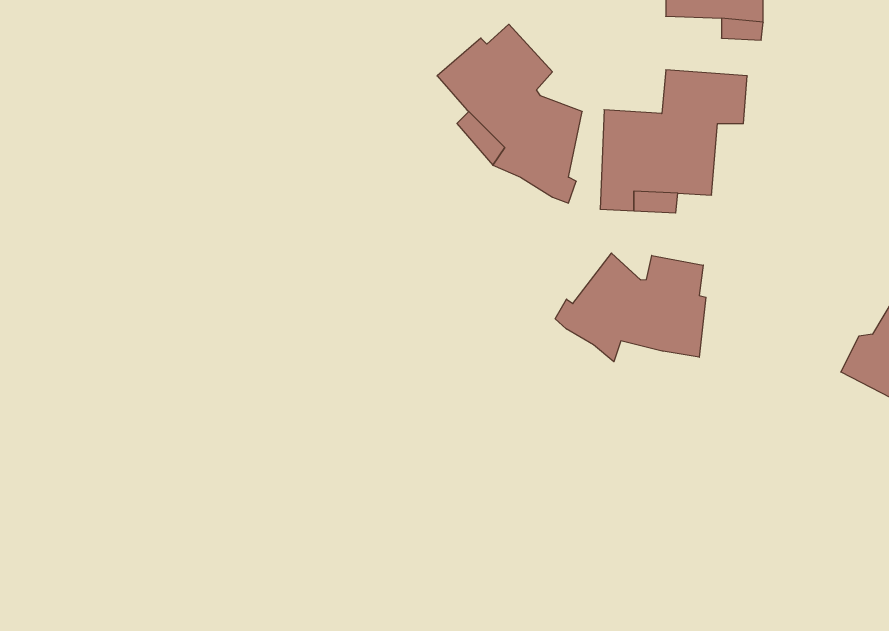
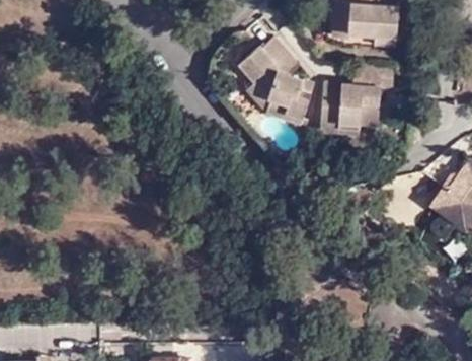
building: [555,253,706,362] -> none

